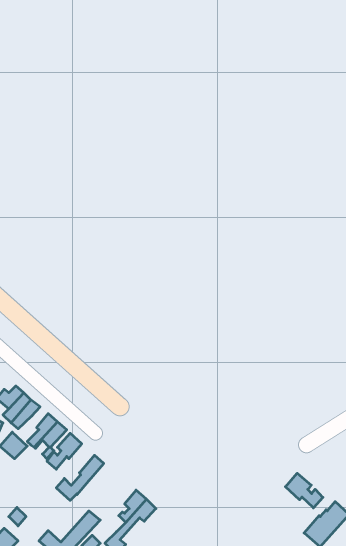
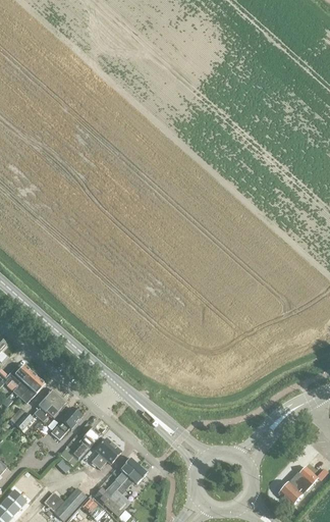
building: none -> [92,437,122,469]
building: [285,473,323,508] -> none

